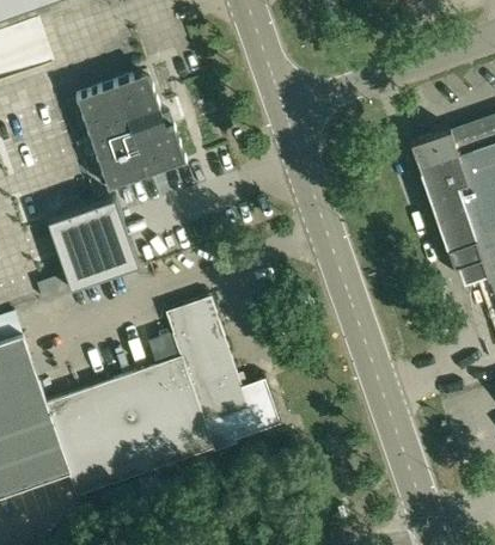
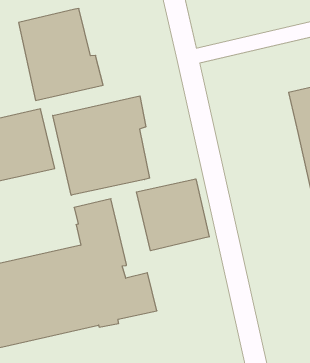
building: none -> [53,96,149,195]
building: none -> [136,179,209,251]

